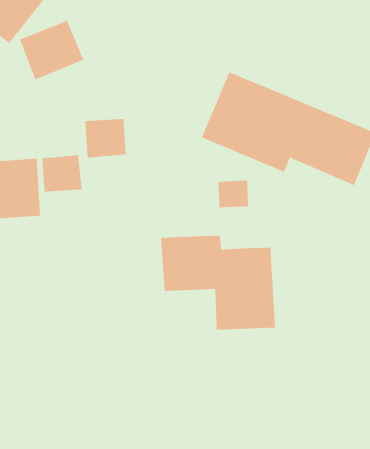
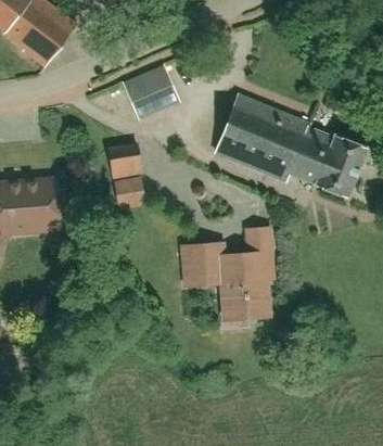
building: [19,20,84,80] -> [124,65,182,119]
building: [41,155,82,192] -> [112,175,149,208]
building: [218,180,249,208] -> [244,229,272,254]

